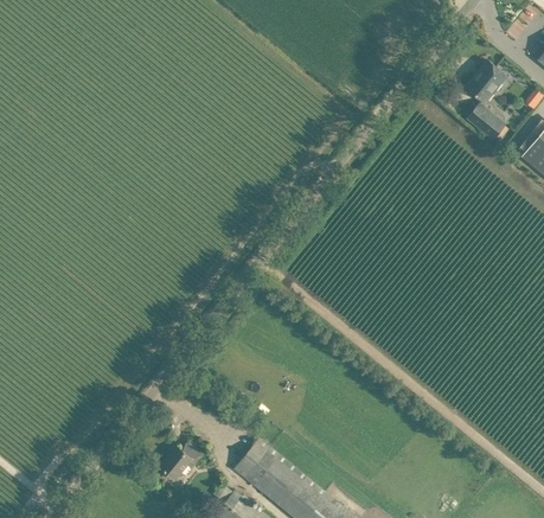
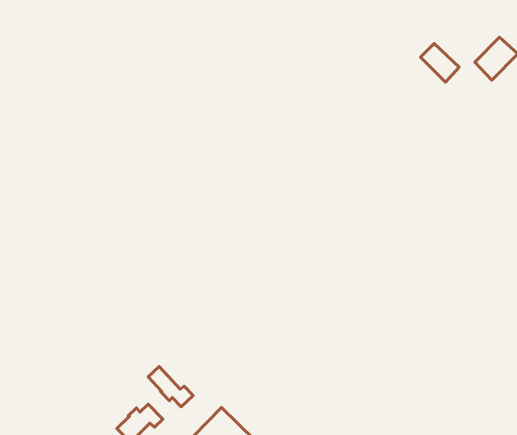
building: [468,105,506,141] -> [420,44,459,82]
building: none -> [148,367,193,407]

